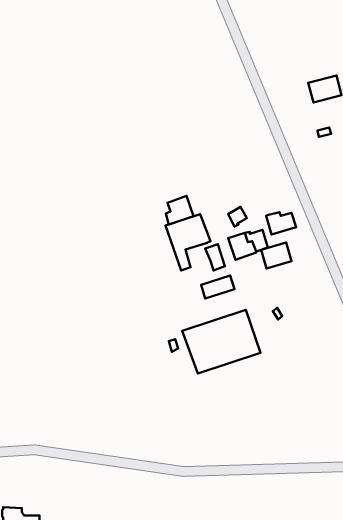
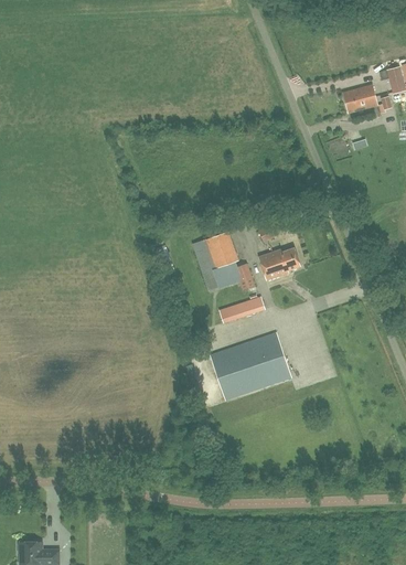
building: [166,196,193,224] -> none
building: [266,212,296,234] -> none
building: [261,242,291,269] -> none

